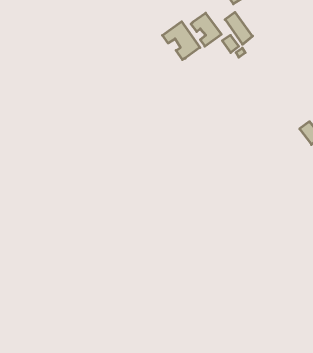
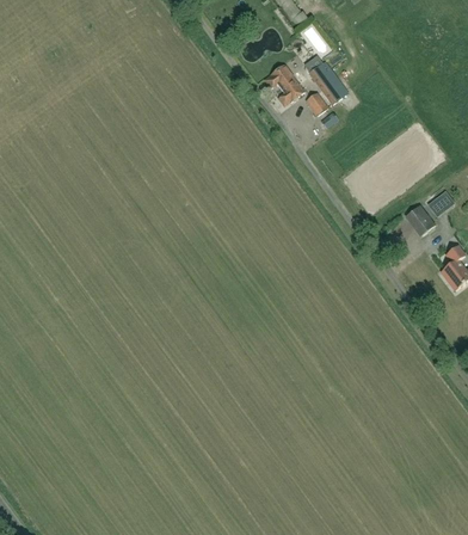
building: [162,22,200,60] -> none

